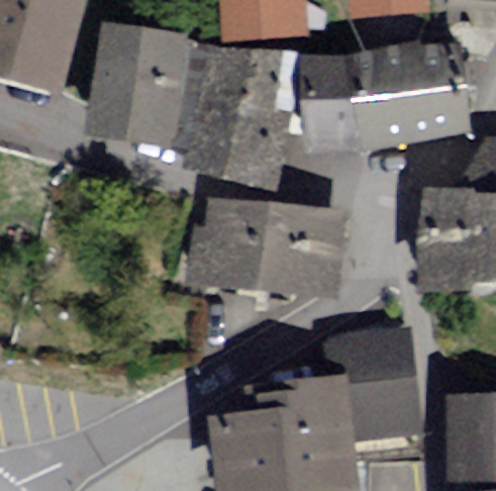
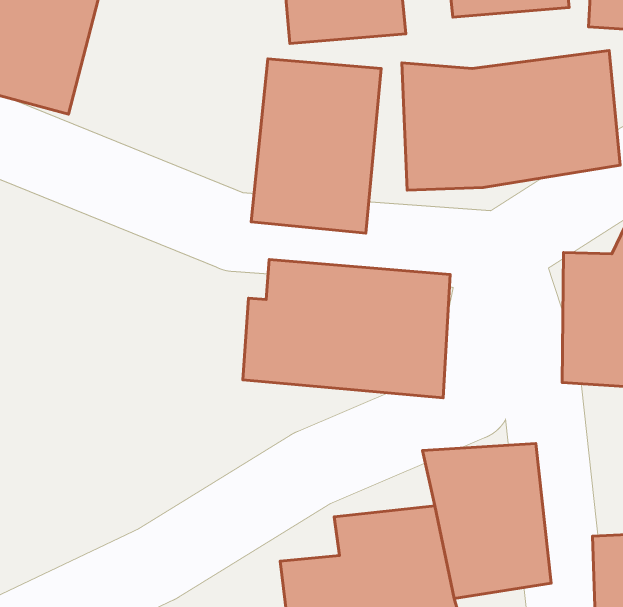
building: [92,26,189,129] -> none

